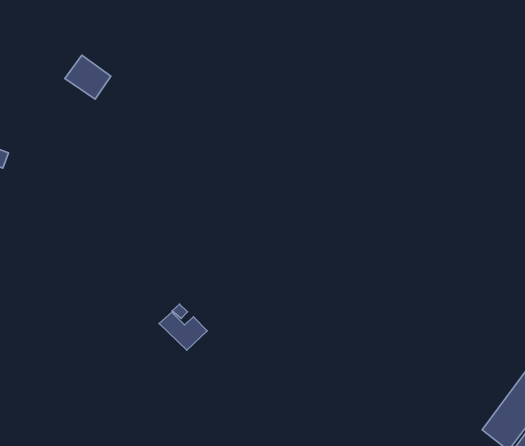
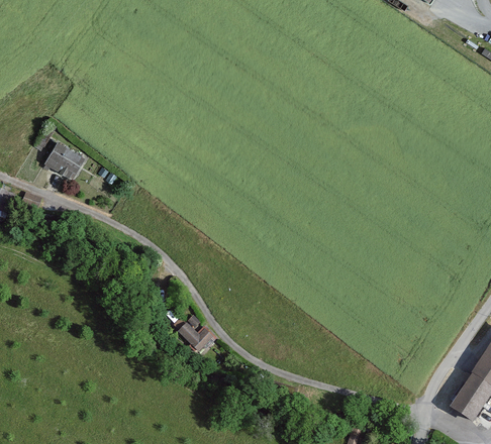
building: [65,55,111,99] -> [44,140,83,177]

